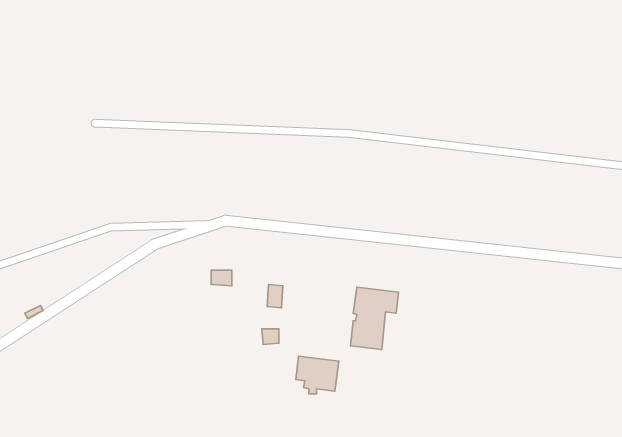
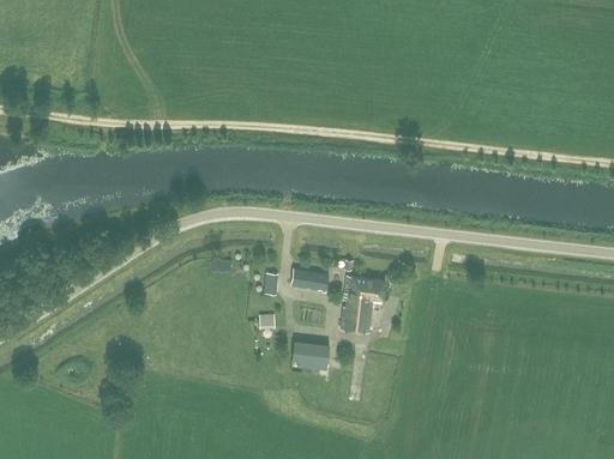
building: none -> [290,268,329,291]

